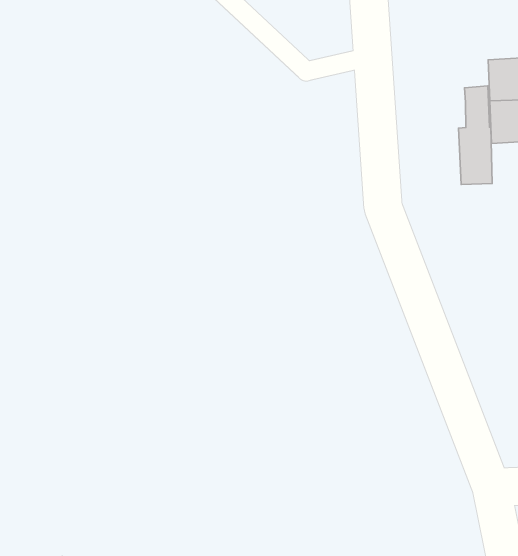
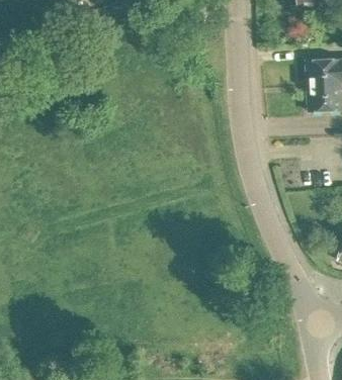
building: [459,86,492,184] -> none

